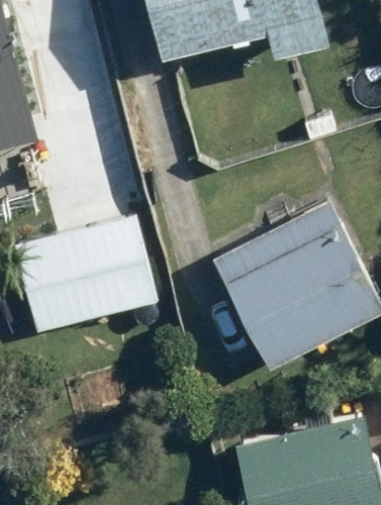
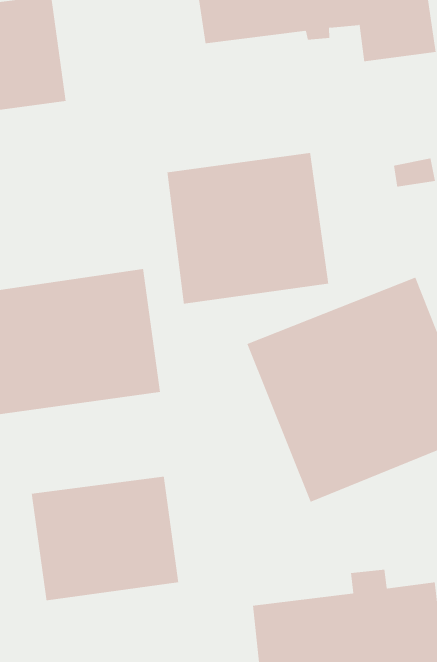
building: none -> [167,152,329,304]
building: none -> [31,476,179,601]

